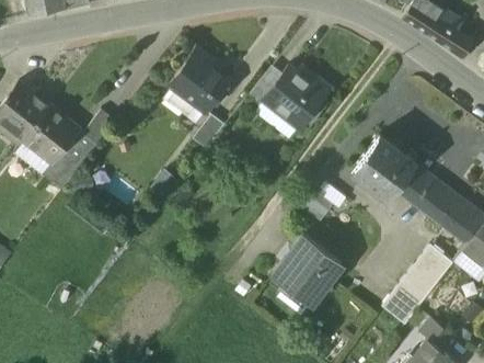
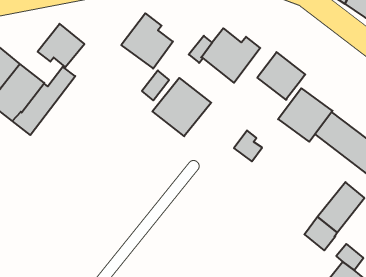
building: none -> [38,24,84,67]
building: none -> [257,52,305,100]
building: none -> [152,78,211,136]
building: [272,232,342,304] -> none

